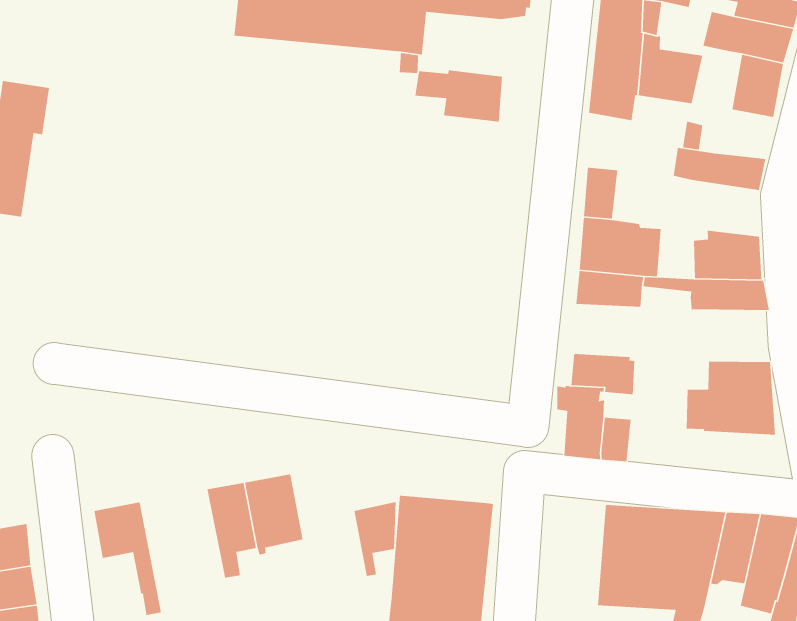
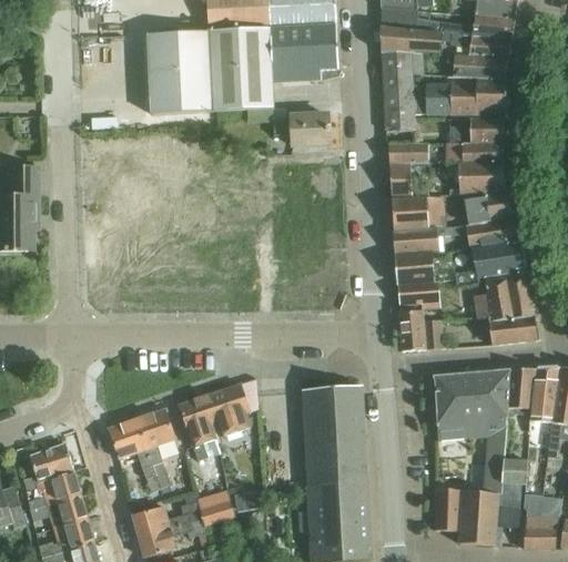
building: none -> [450,76,477,113]
building: none -> [469,117,503,142]
building: none -> [387,142,428,163]
building: none -> [448,162,506,193]
building: none -> [395,247,437,283]
building: none -> [454,237,525,285]
building: none -> [488,316,539,344]
building: none -> [136,408,175,487]
building: [353,501,397,577] -> [230,376,260,427]

